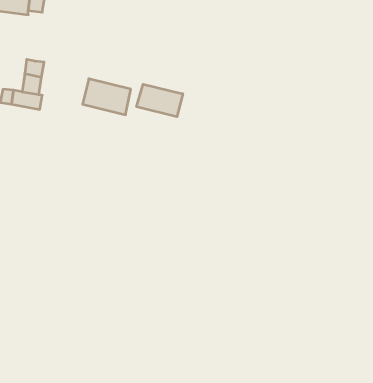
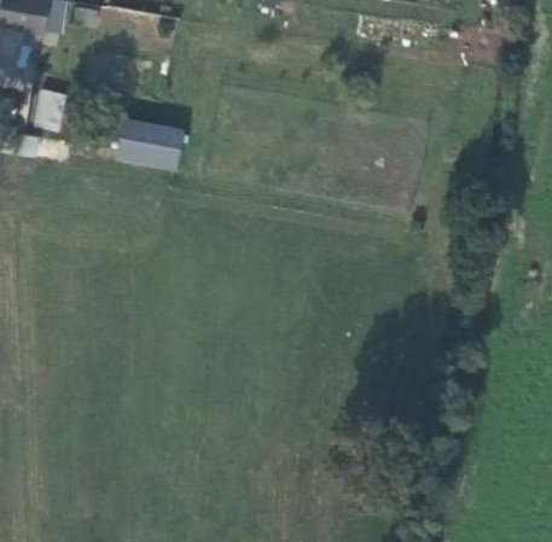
building: [137,84,183,117] -> none

